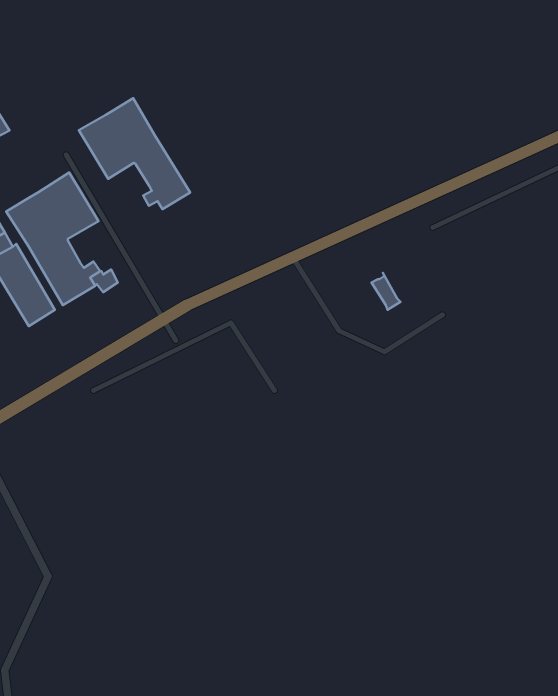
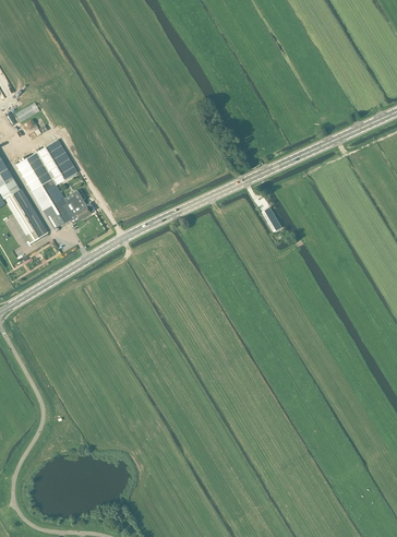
building: [79,98,190,209] -> none

